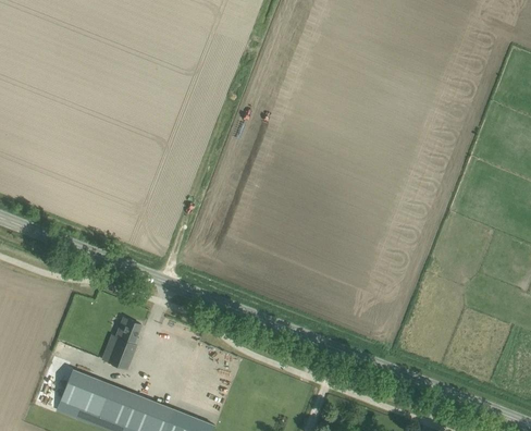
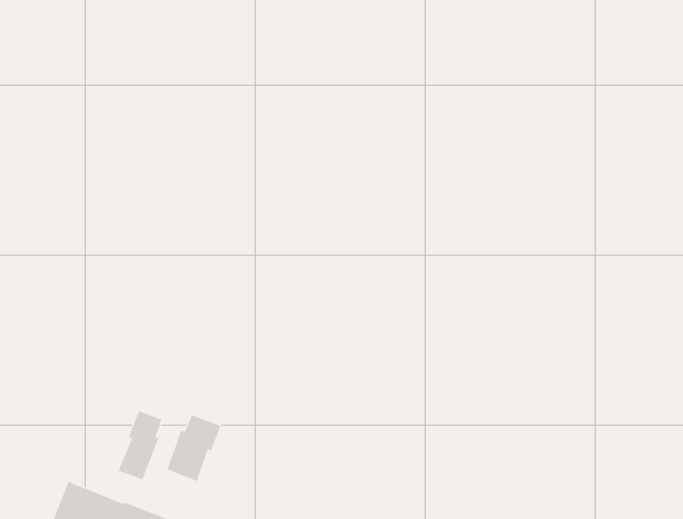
building: none -> [167,415,221,482]

